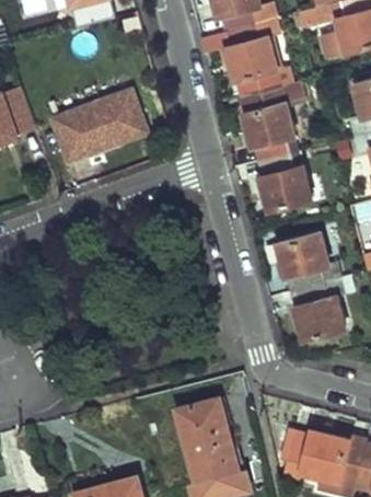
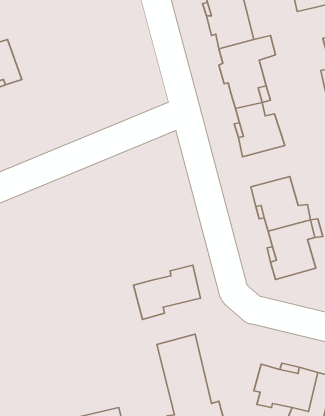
building: [54,90,146,160] -> none
building: none -> [134,265,201,319]

